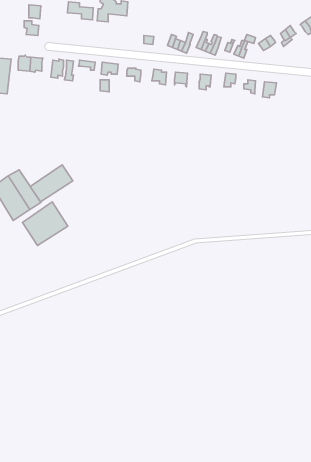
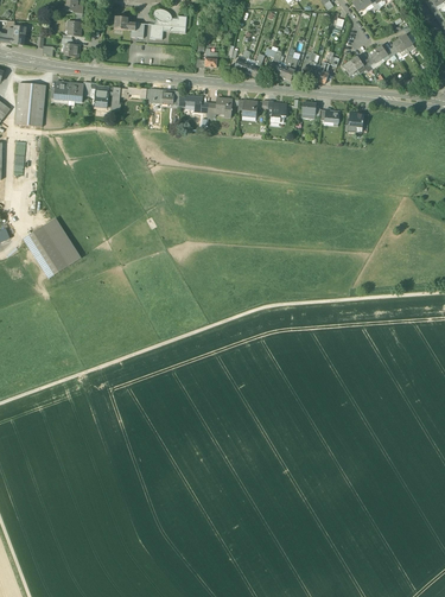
building: [30,165,73,202] -> none
building: [23,202,68,246] -> none

